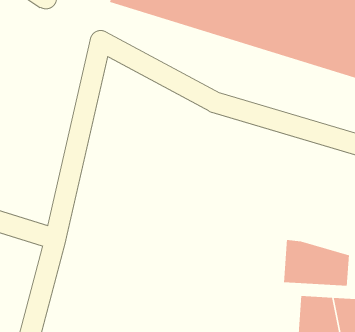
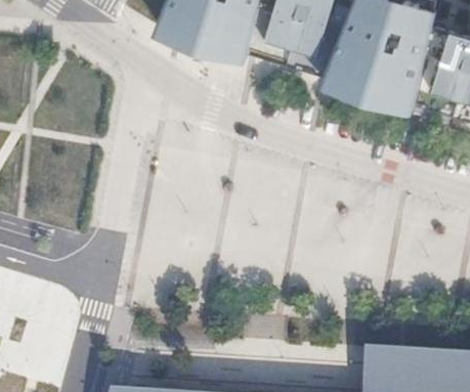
building: [284,239,349,287] -> none

